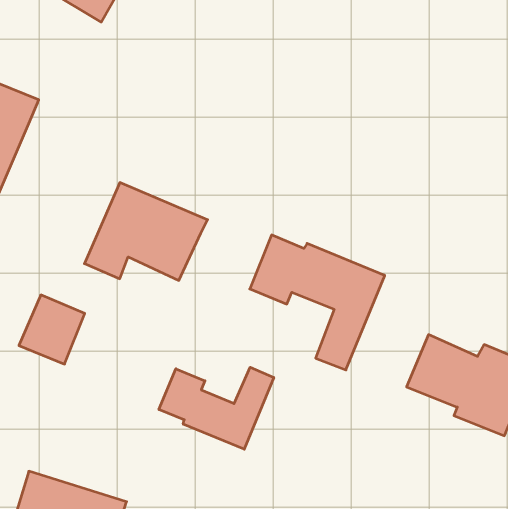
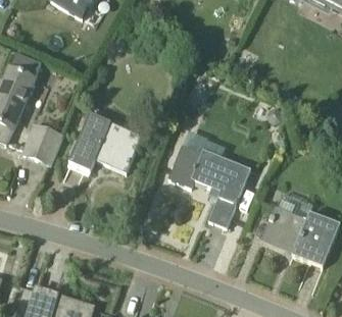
building: [19,295,85,364] -> [22,122,62,164]
building: [159,367,274,449] -> none

